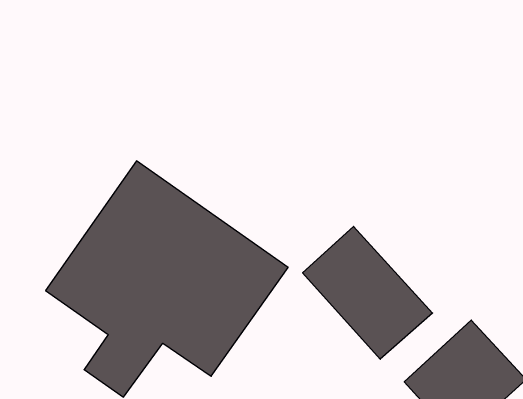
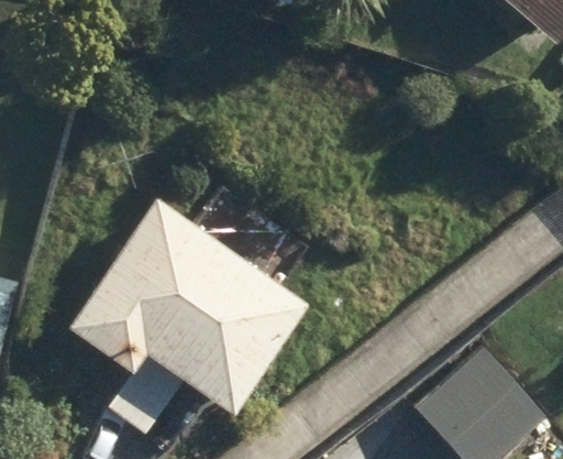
building: [303,226,433,359] -> none

